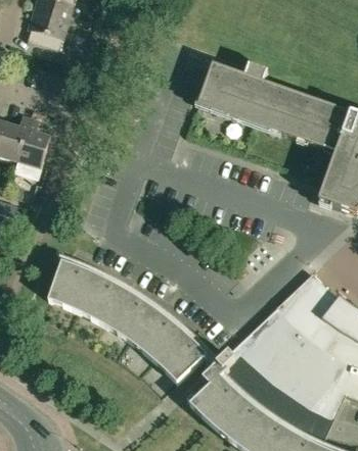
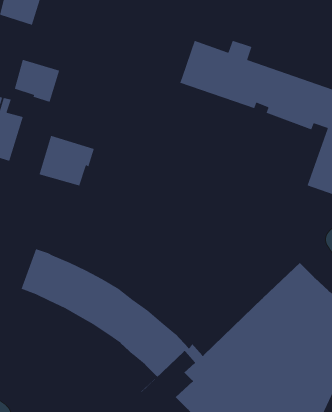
building: none -> [14,59,60,103]
building: none -> [39,135,95,187]

